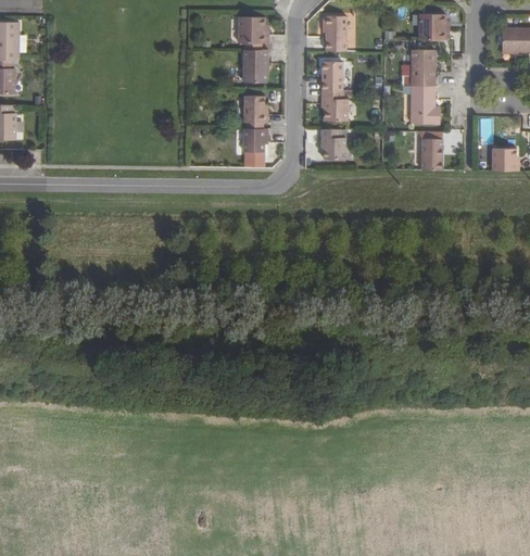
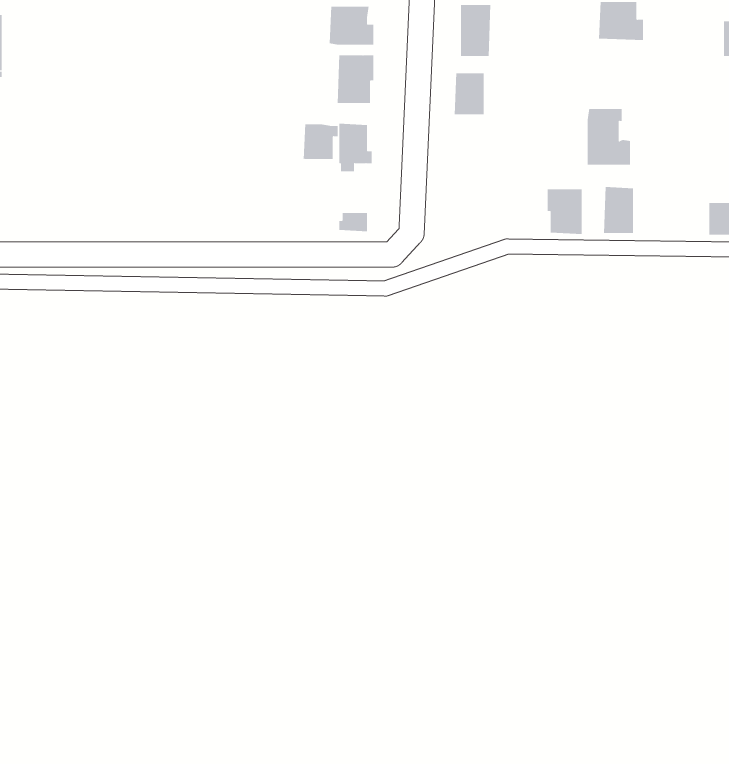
building: [411,50,433,86] -> none
building: [320,90,346,121] -> none
building: [242,128,266,152] -> [303,124,339,159]
building: [326,129,350,160] -> [547,189,582,234]

